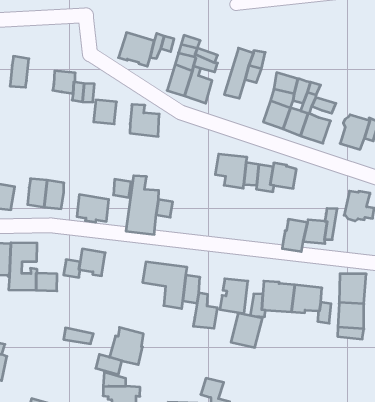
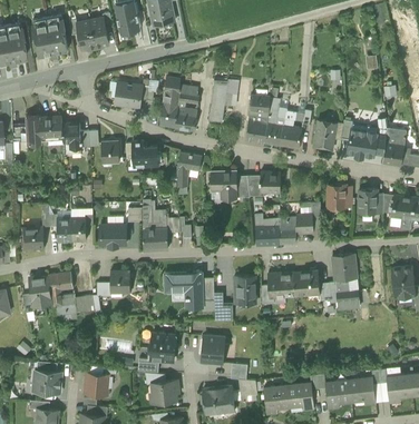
building: none -> [39,116,64,136]
building: none -> [177,151,203,186]
building: none -> [255,214,281,244]
building: [231,313,262,347] -> [202,335,225,362]
building: none -> [85,372,110,395]

